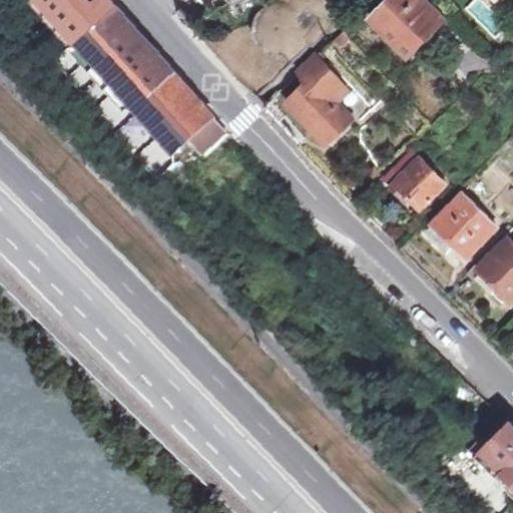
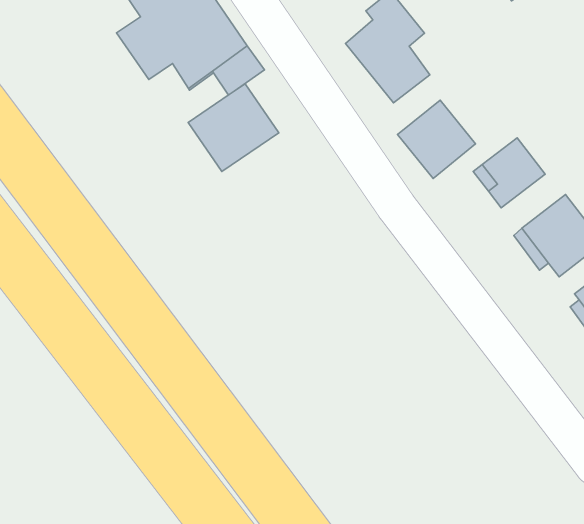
building: none -> [398,100,476,178]
building: none -> [188,84,279,172]

